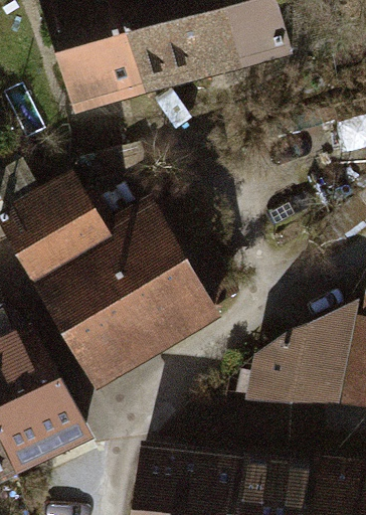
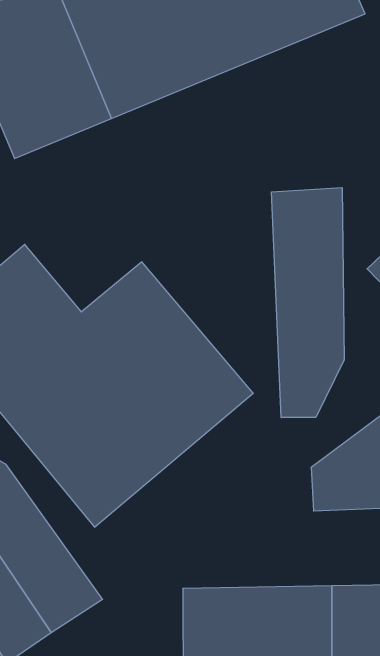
building: none -> [272,188,344,418]

